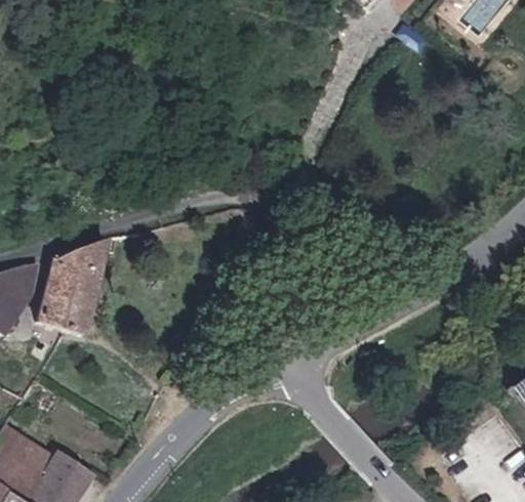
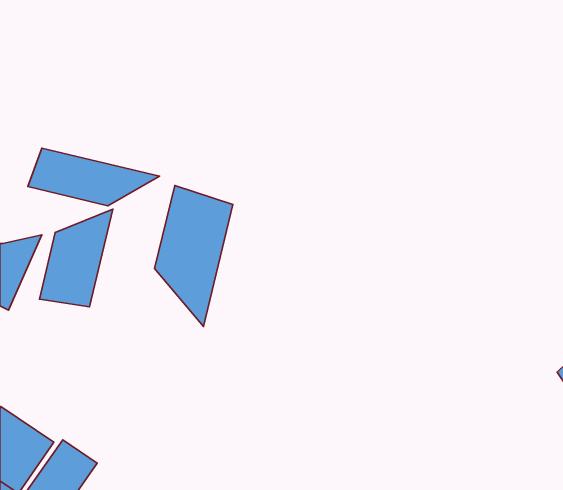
building: none -> [28,148,159,206]
building: none -> [155,186,233,327]

